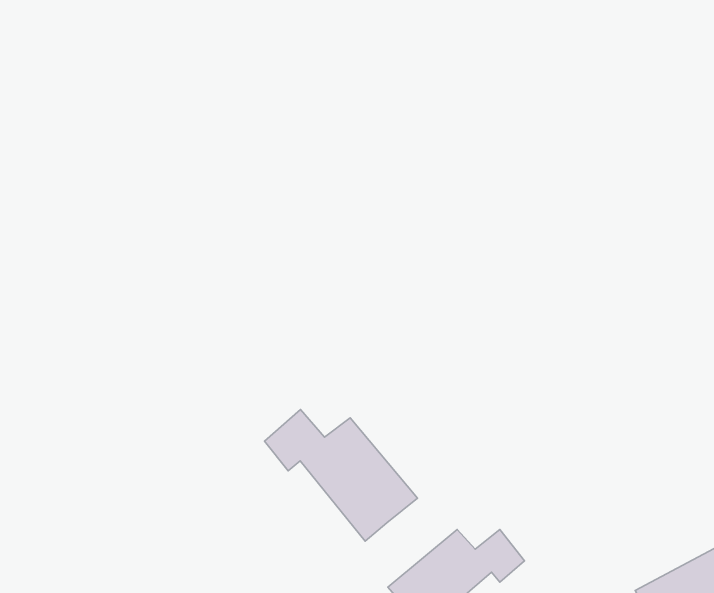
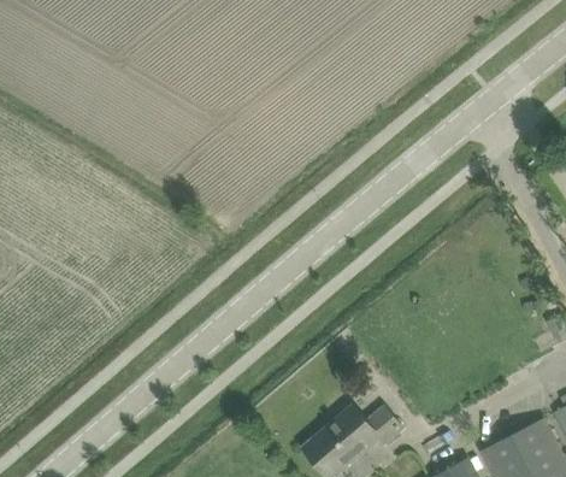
building: [264,409,417,541] -> none

